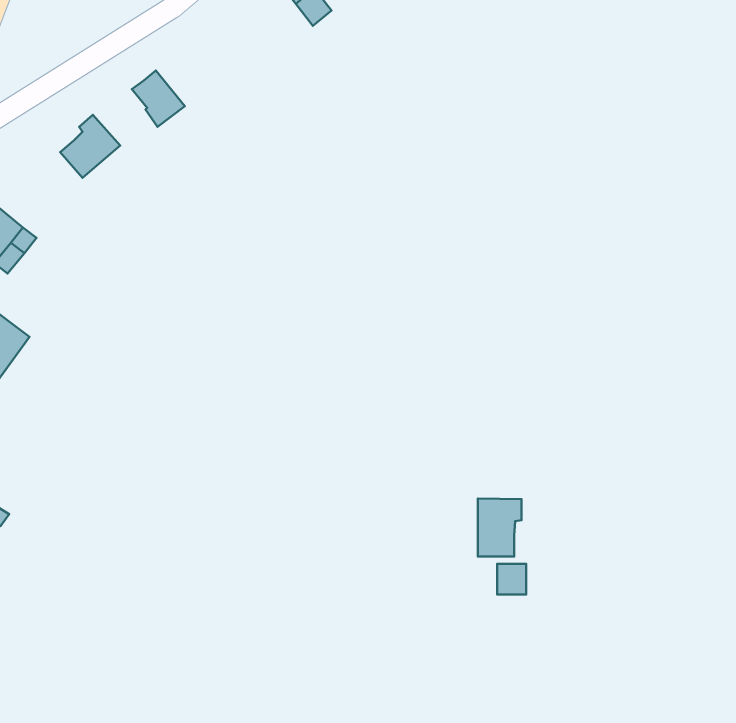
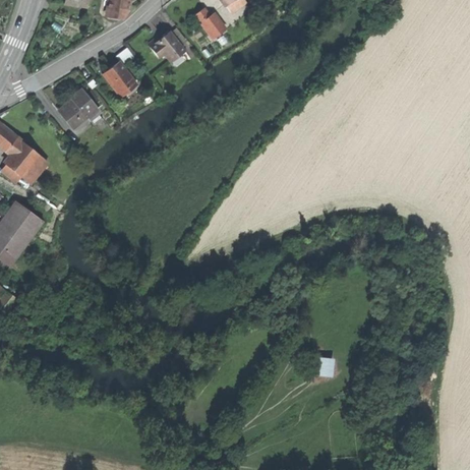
building: none -> [149,32,185,63]
building: [478,498,522,557] -> none

